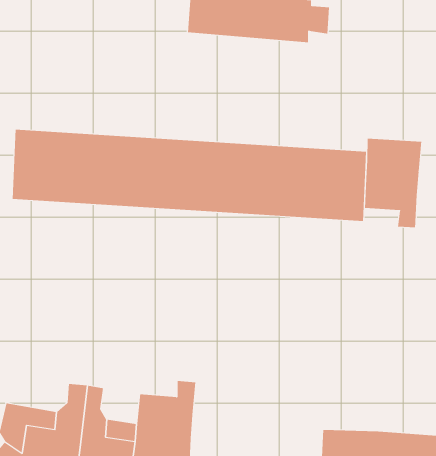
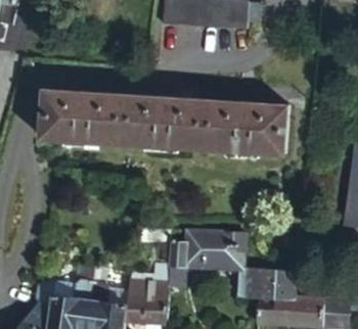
building: [365,138,422,228] -> none
building: none -> [167,231,297,297]

